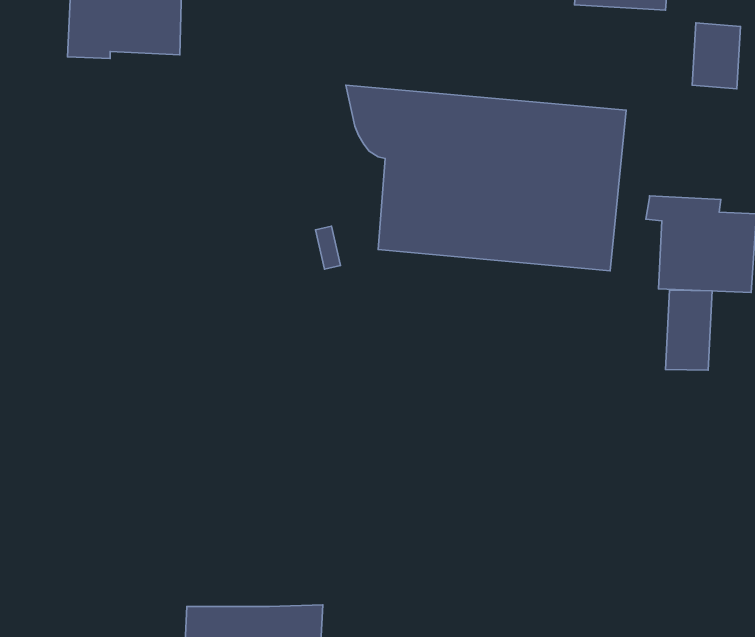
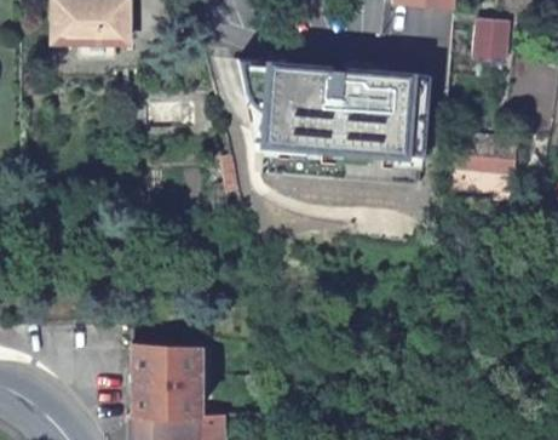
building: [665,290,712,370] -> none
building: none -> [132,344,188,415]

